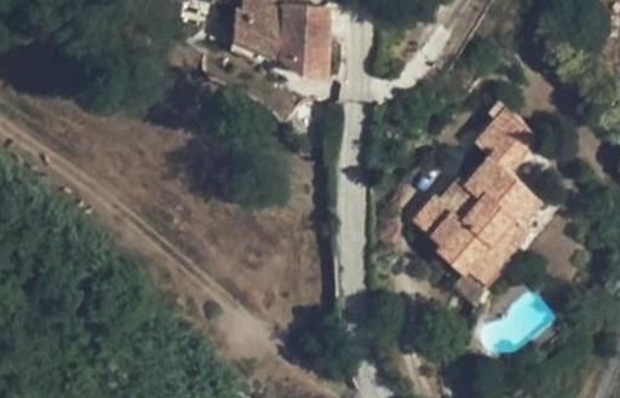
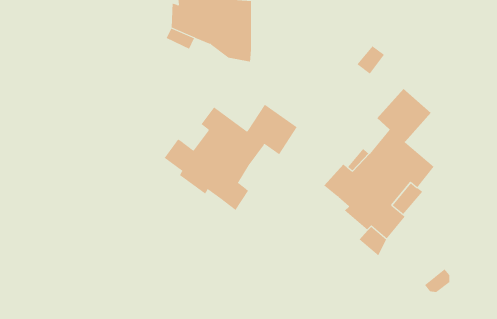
building: none -> [164,104,298,211]

